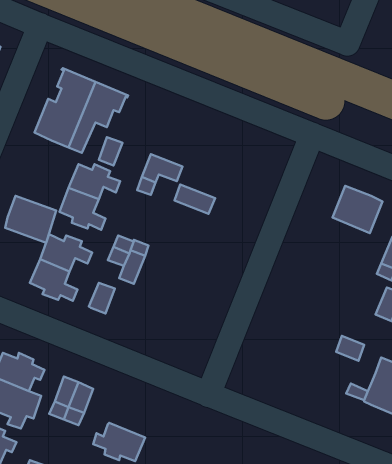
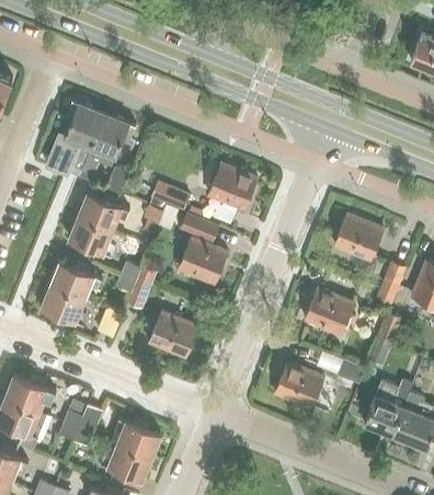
building: none -> [207,164,256,210]
building: [5,196,56,243] -> none
building: none -> [178,238,227,284]
building: none -> [304,288,353,334]
building: none -> [148,311,197,358]
building: none -> [274,362,323,408]
building: none -> [110,419,160,459]

